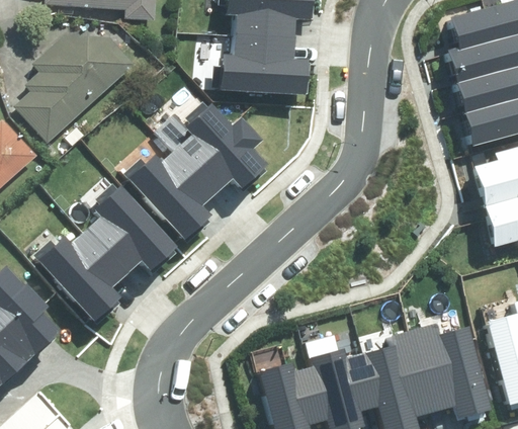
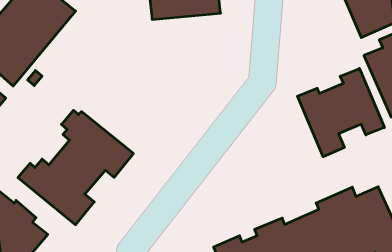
building: [125,101,268,238] -> none
building: none -> [297,68,384,157]

